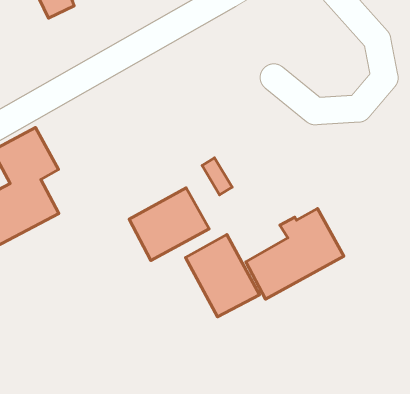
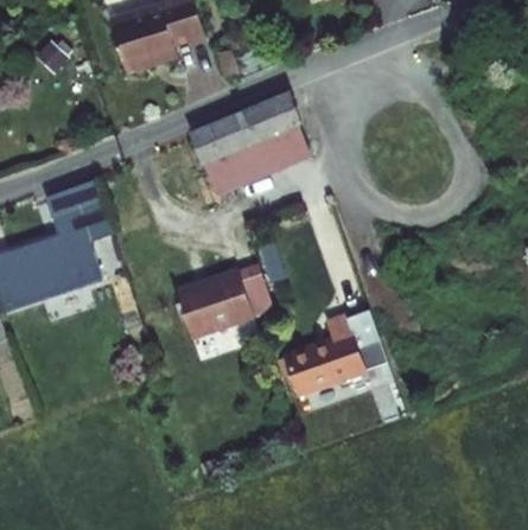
building: none -> [195,90,317,196]
building: [186,234,259,317] -> none

